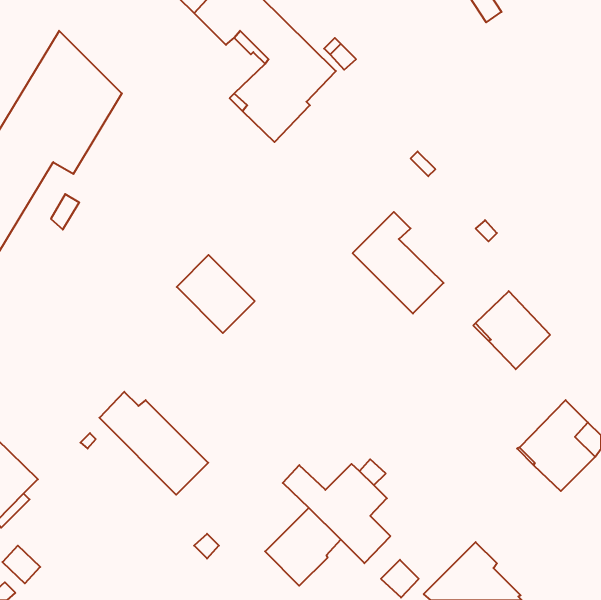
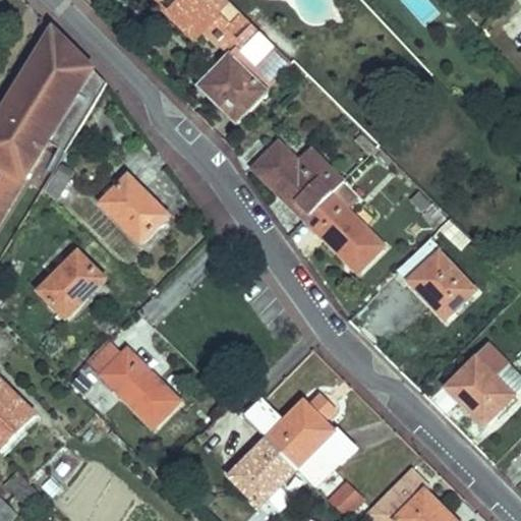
building: none -> [251,139,342,218]
building: [177,255,255,333] -> [100,174,167,241]
building: none -> [37,249,104,316]

